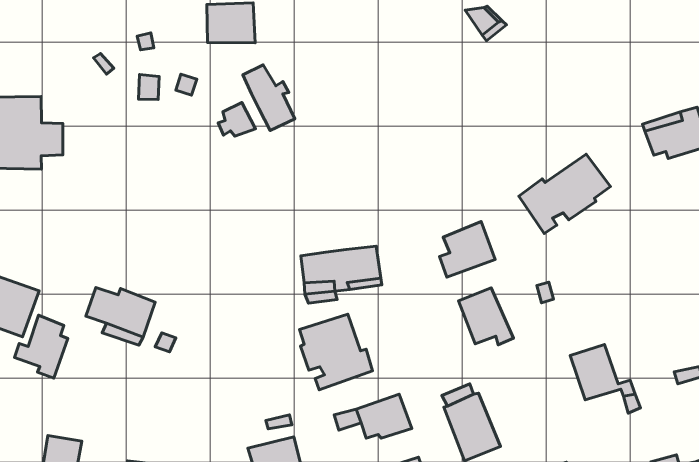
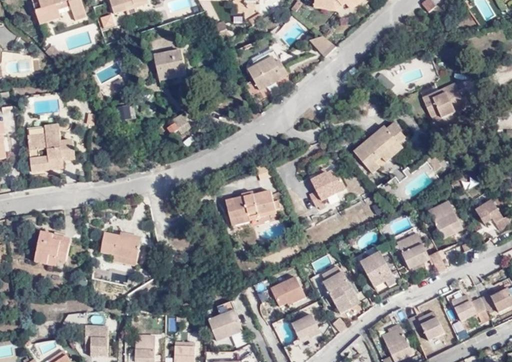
building: none -> [247,55,288,89]
building: [243,65,295,130] -> none
building: [458,288,514,345] -> [360,253,396,288]
building: none -> [427,203,460,240]
building: [300,314,373,390] -> none
building: [14,315,68,378] -> none

